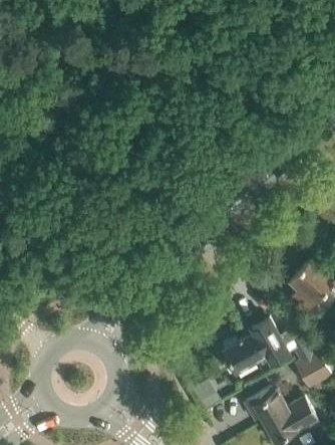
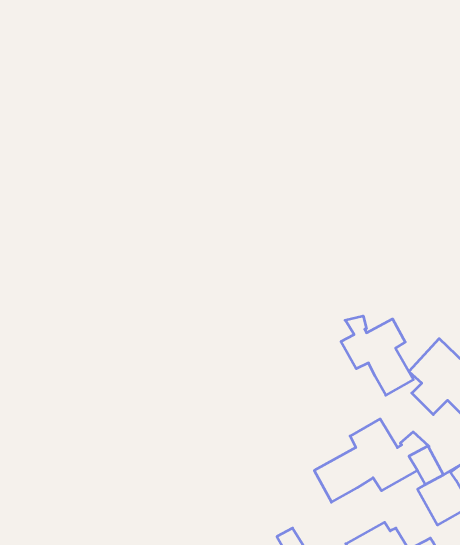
building: none -> [341,316,413,395]

